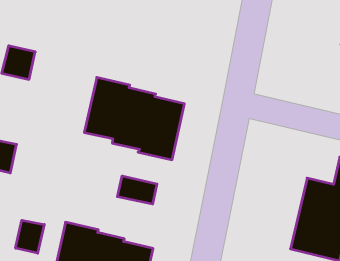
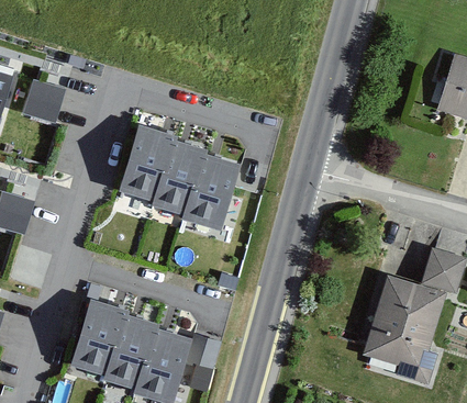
building: [117,176,157,204] -> none
building: [16,220,44,253] -> none

